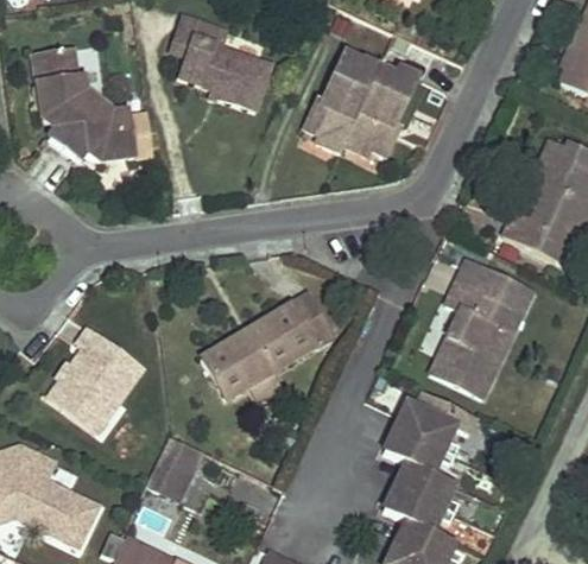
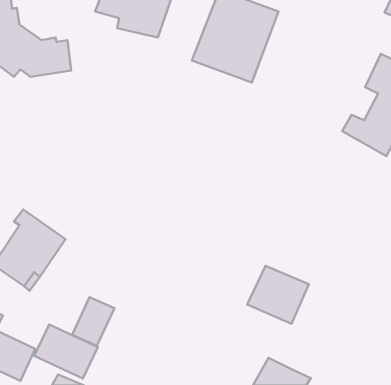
building: [428,255,538,397] -> none
building: [202,293,335,399] -> none
building: [379,464,457,533] -> none
building: none -> [34,325,98,379]

